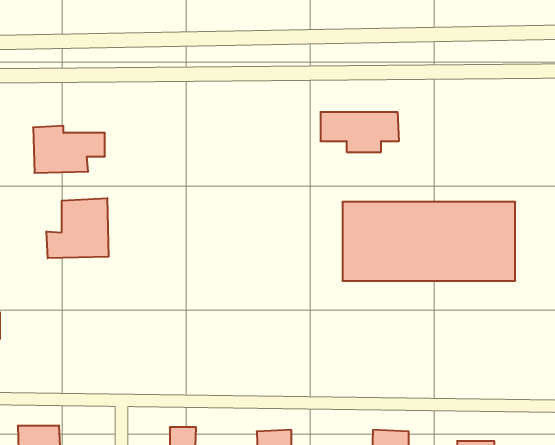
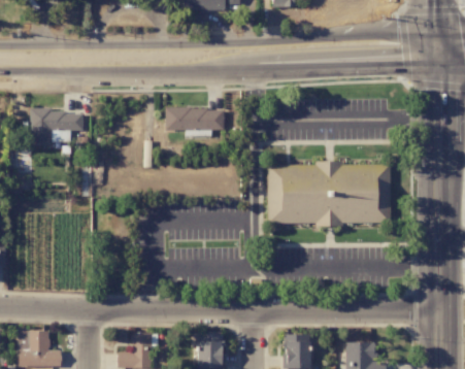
building: [320,112,399,152] -> [166,108,225,138]
building: [46,198,109,258] -> none

